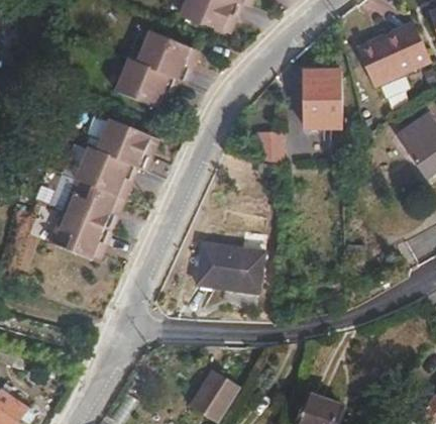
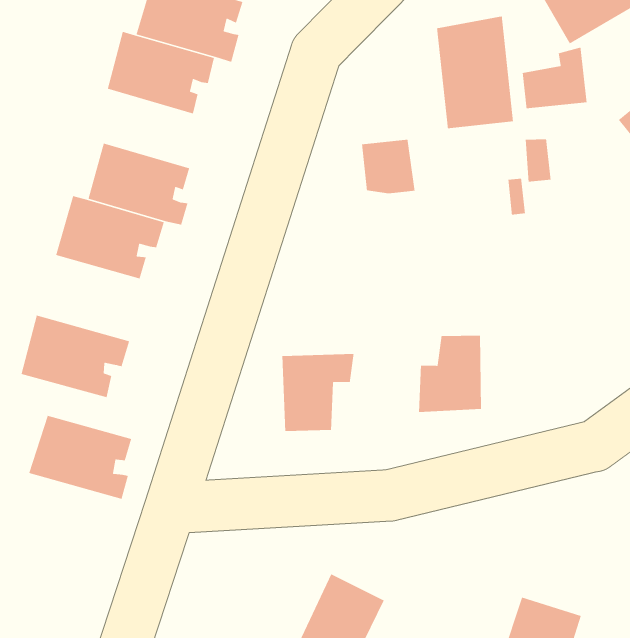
building: none -> [522,46,587,109]
building: [63,177,122,228] -> [28,415,132,500]
building: [219,248,258,292] -> [418,335,482,413]

